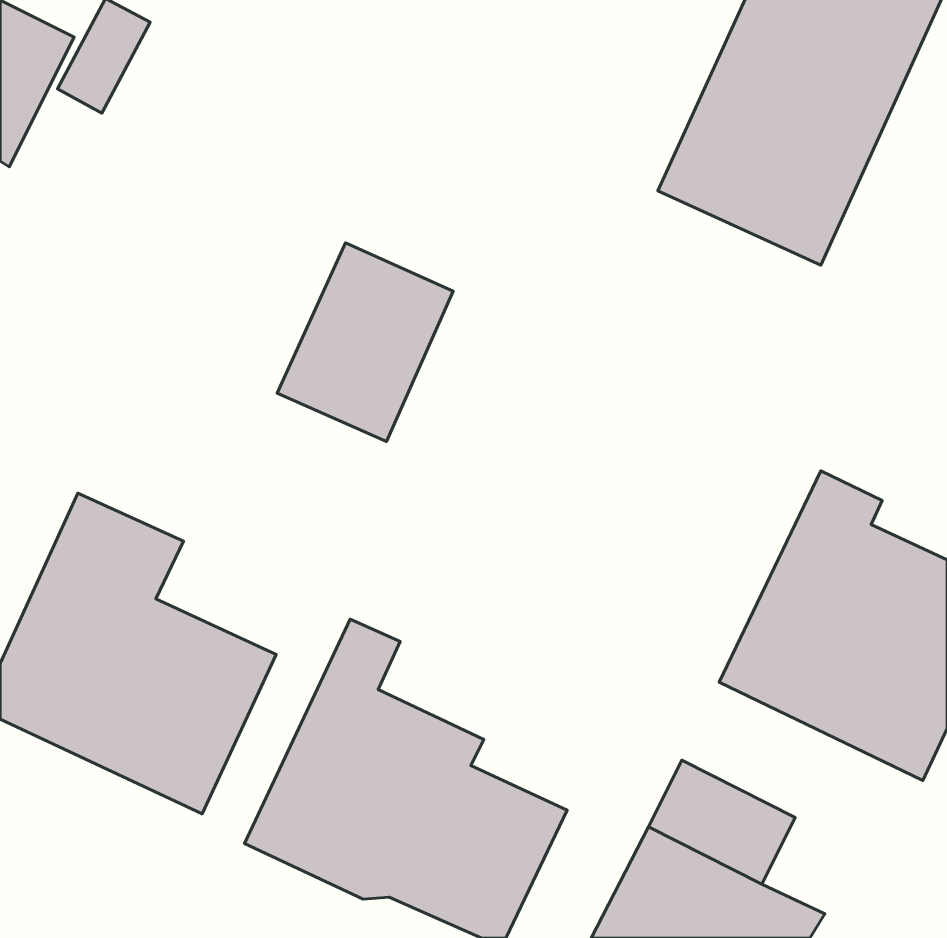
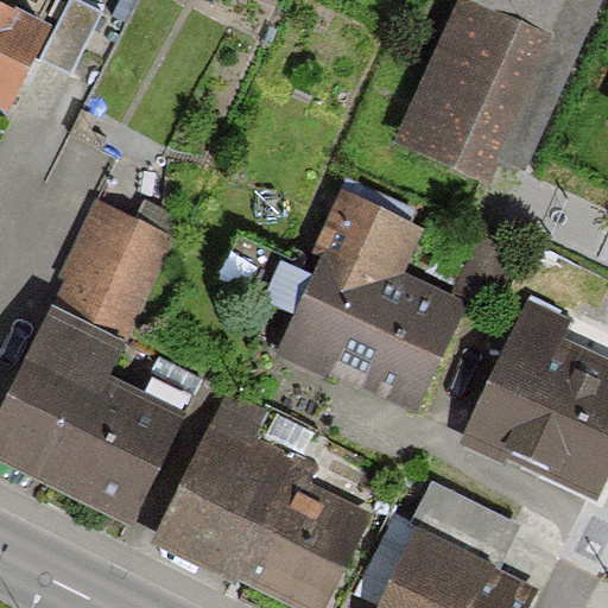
building: [277,243,453,441] -> [52,205,165,332]
building: none -> [270,186,466,407]

